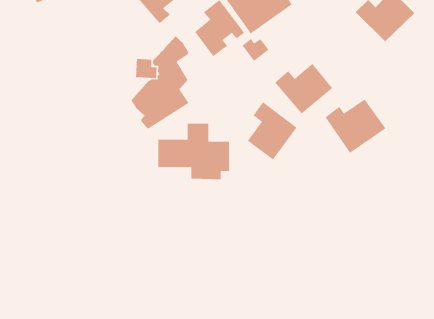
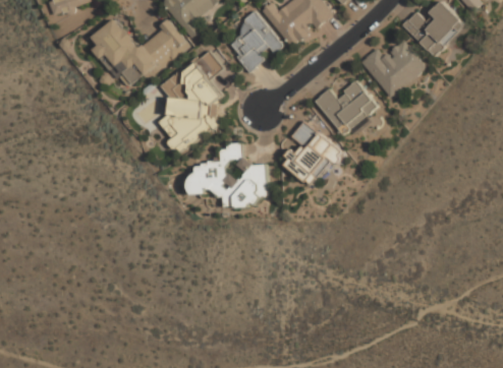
building: none -> [87,17,187,84]
building: [242,38,270,62] -> none
building: [324,98,386,154] -> [360,39,428,99]

